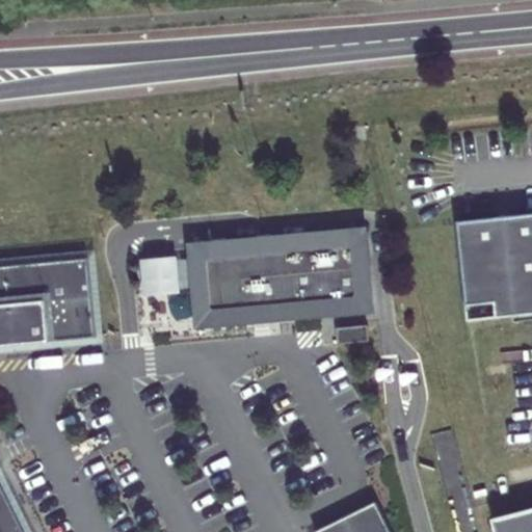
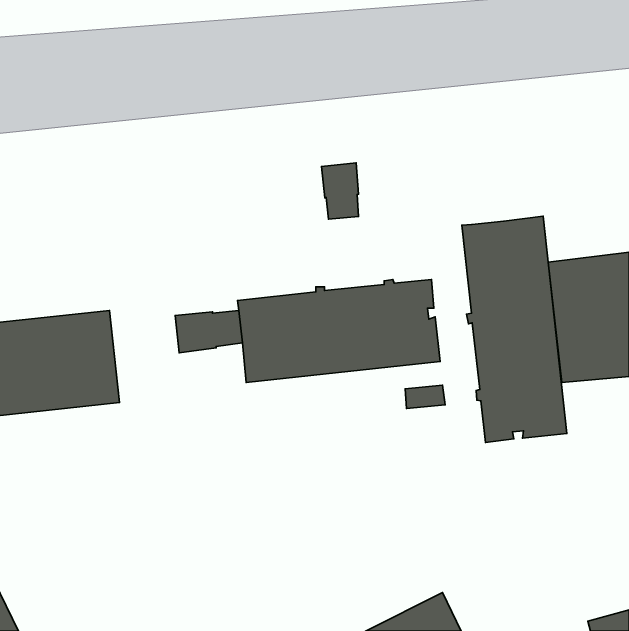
building: none -> [322,163,359,219]
building: none -> [462,216,567,443]

